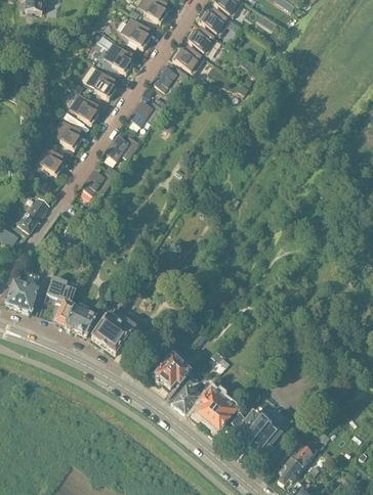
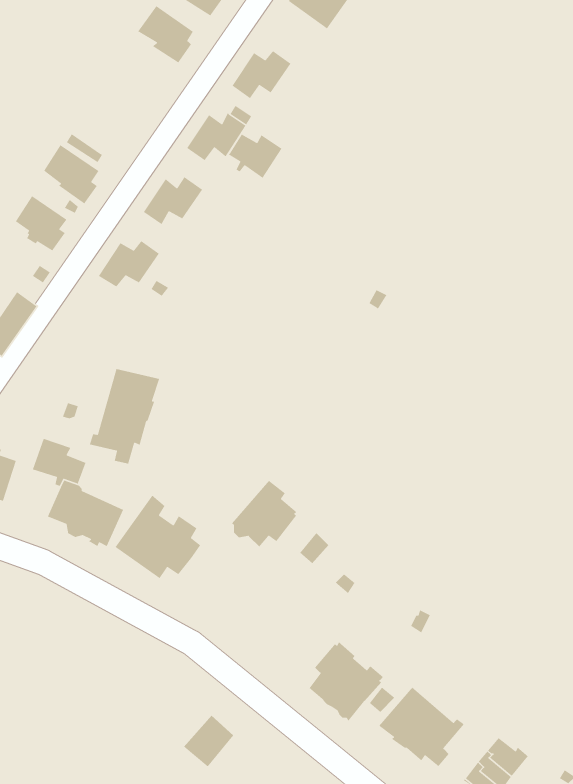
building: [171,46,204,73] -> none
building: [85,66,117,98] -> none
building: [69,92,99,124] -> none
building: none -> [228,133,282,179]
building: none -> [89,368,160,464]
building: [154,351,190,388] -> [231,480,297,548]
building: [170,385,198,413] -> [183,715,234,768]

